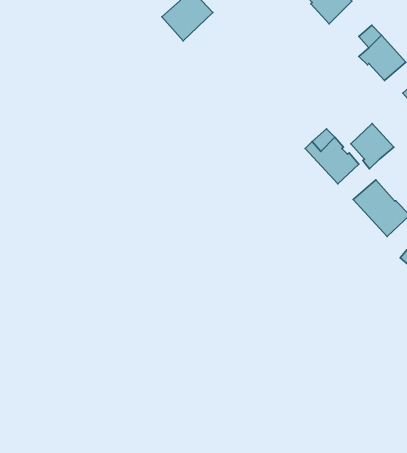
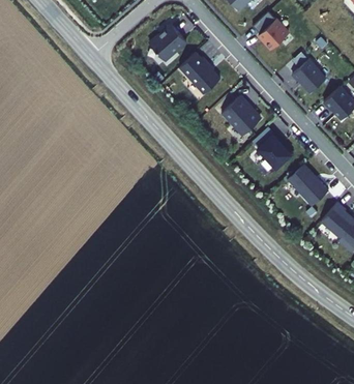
building: none -> [179,53,219,94]
building: none -> [222,96,261,136]
building: [351,124,394,169] -> none

